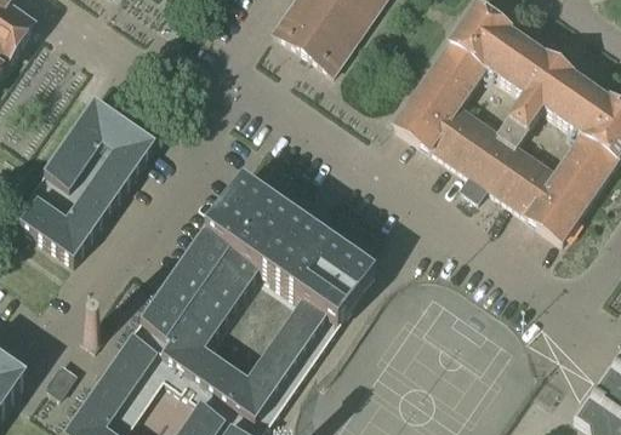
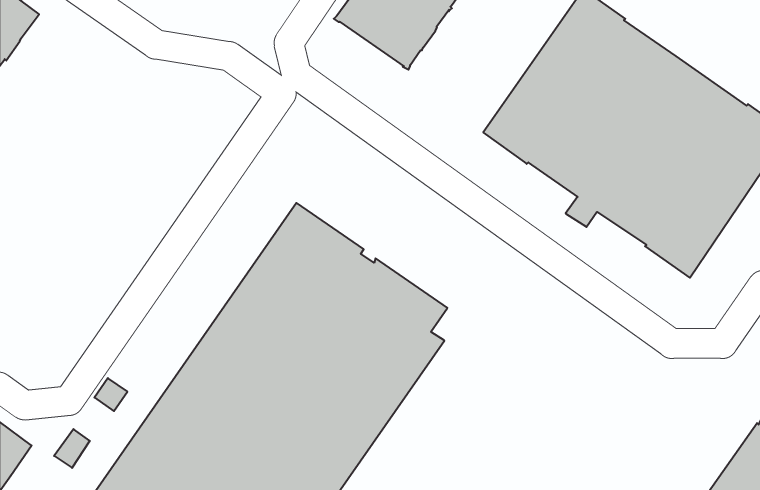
building: [19,96,156,257] -> none

